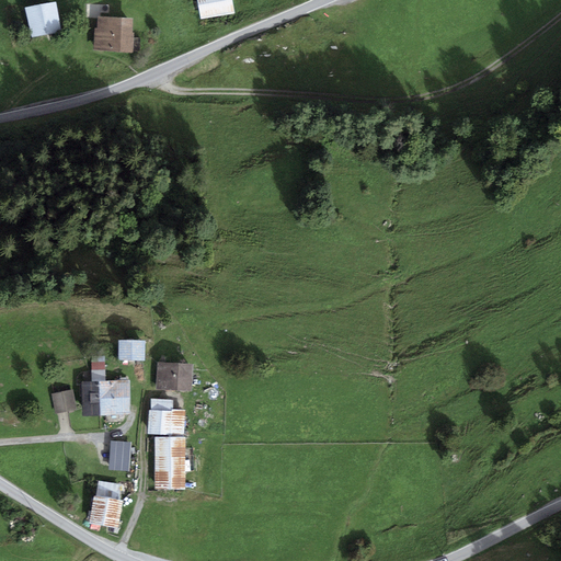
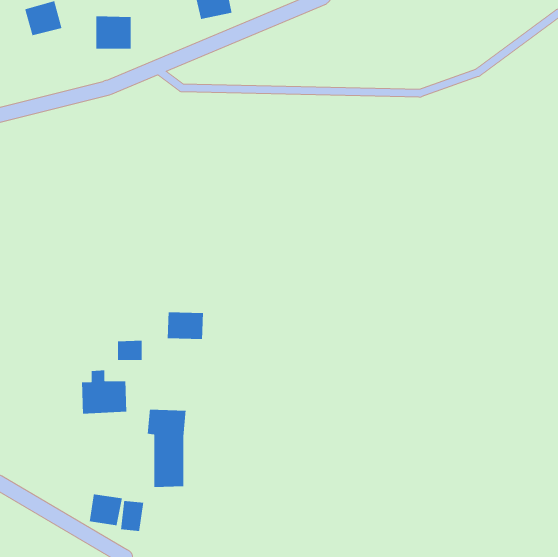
building: [154,362,192,390] -> [167,311,204,340]
building: [50,390,76,413] -> none
building: [108,439,133,471] -> [120,500,144,532]

